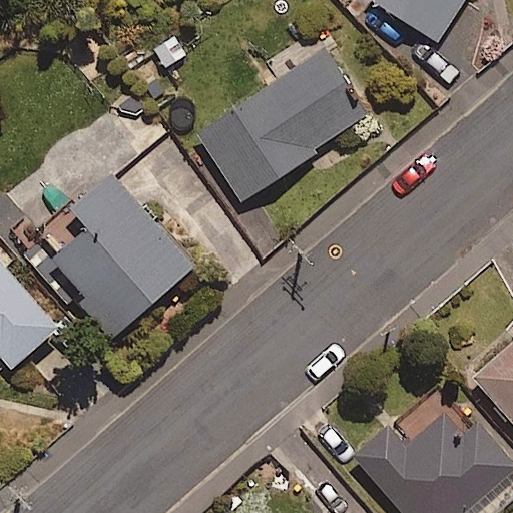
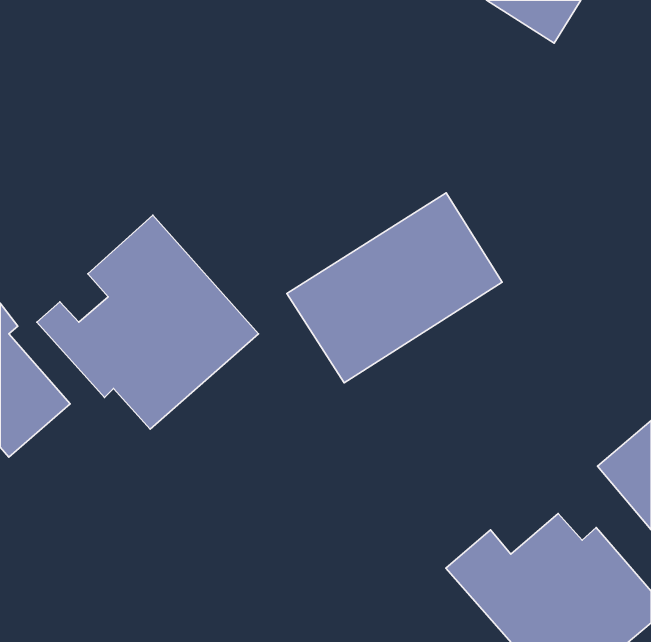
building: [195,49,365,198] -> [287,193,502,383]

